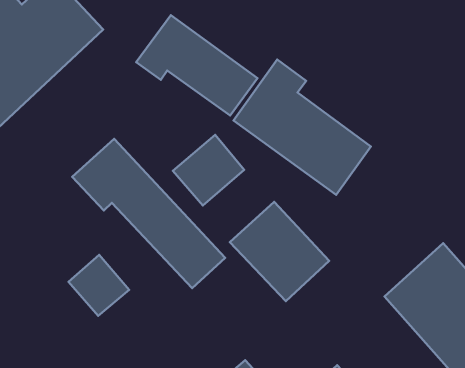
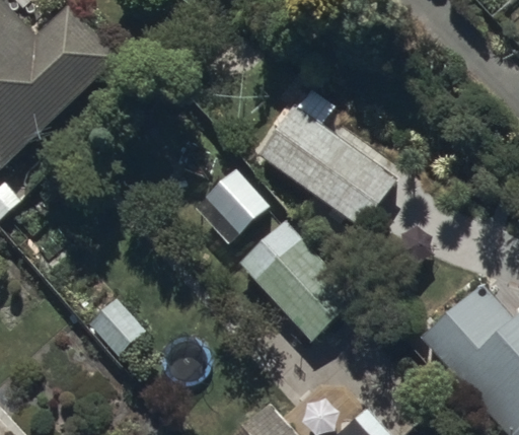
building: [136,15,258,116] -> none
building: [72,139,225,288] -> none

